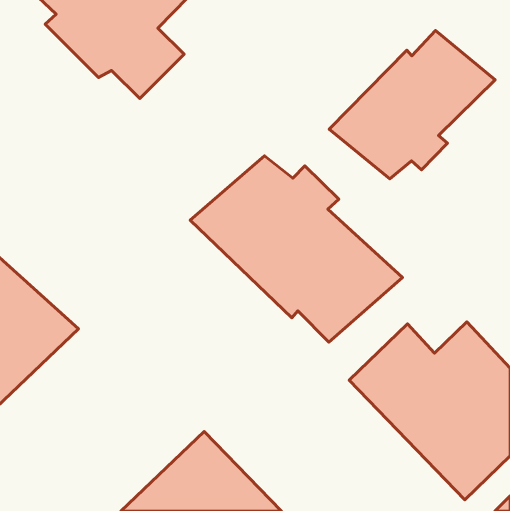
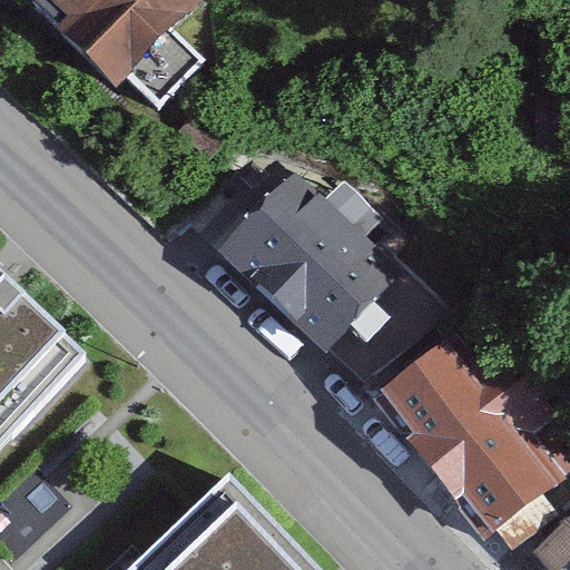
building: [329,31,495,179] -> none

